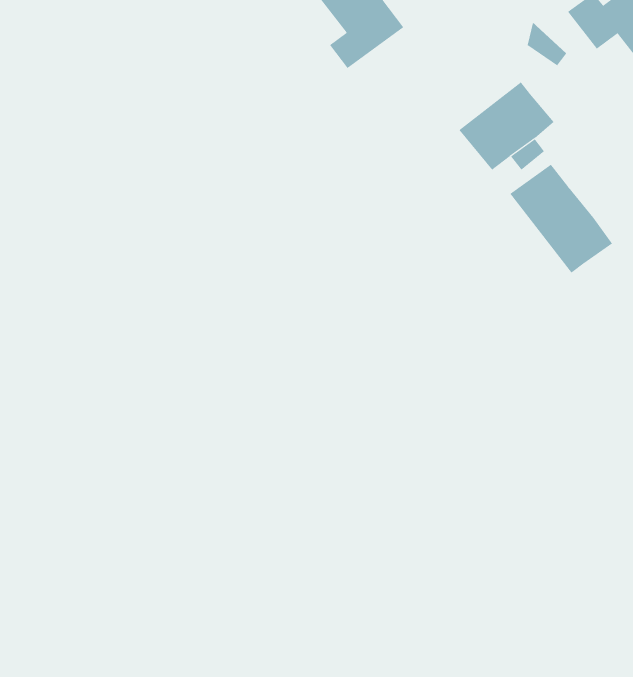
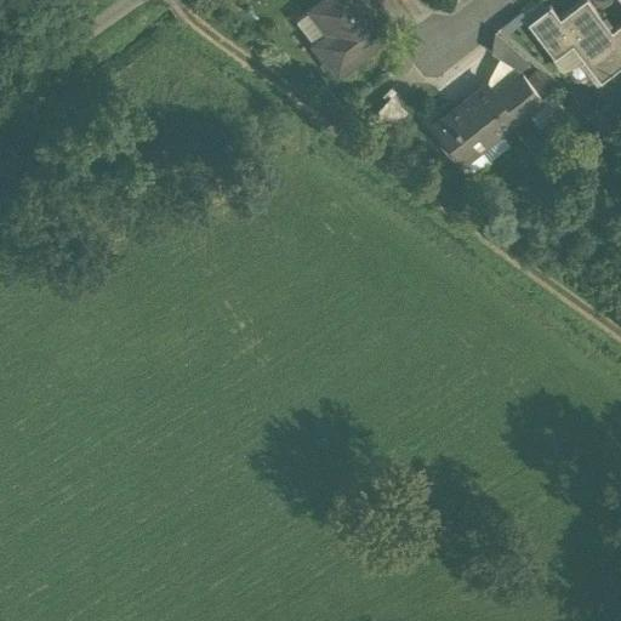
building: none -> [495,76,541,121]
building: [509,164,613,274] -> none

